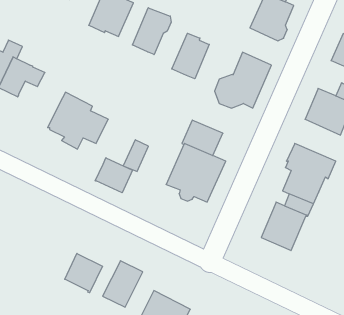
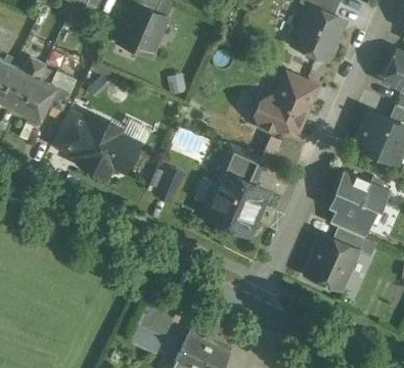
building: [132,8,171,55] -> none
building: [172,33,209,79] -> none
building: none -> [54,111,90,154]
building: [95,158,132,193] -> none
building: [65,253,103,293] -> none

